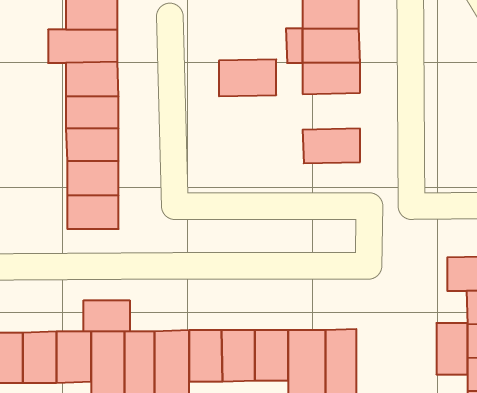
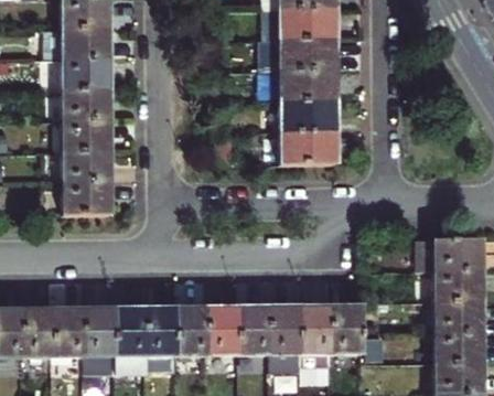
building: [219,59,276,96] -> [282,87,335,121]
building: [84,300,130,331] -> none
building: [436,323,468,374] -> [332,306,361,353]

